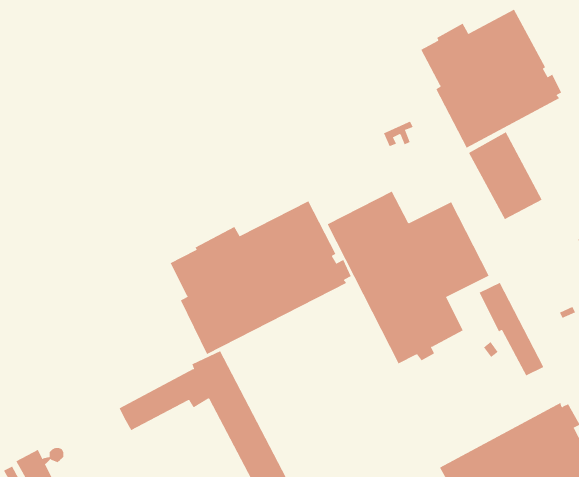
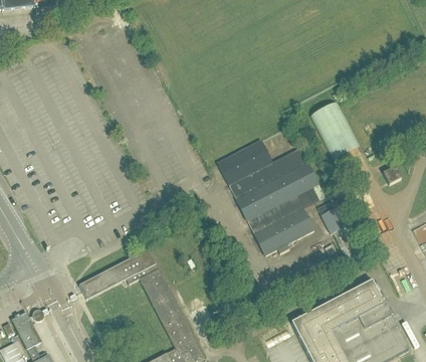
building: [420,9,562,148] -> none
building: [170,201,351,355] -> none

